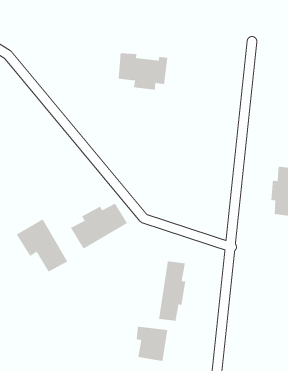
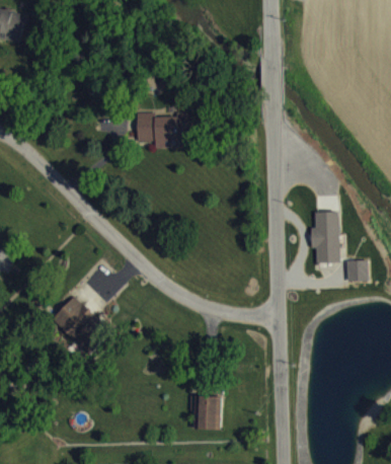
building: [70,203,128,249] -> none
building: [158,261,186,321] -> none

